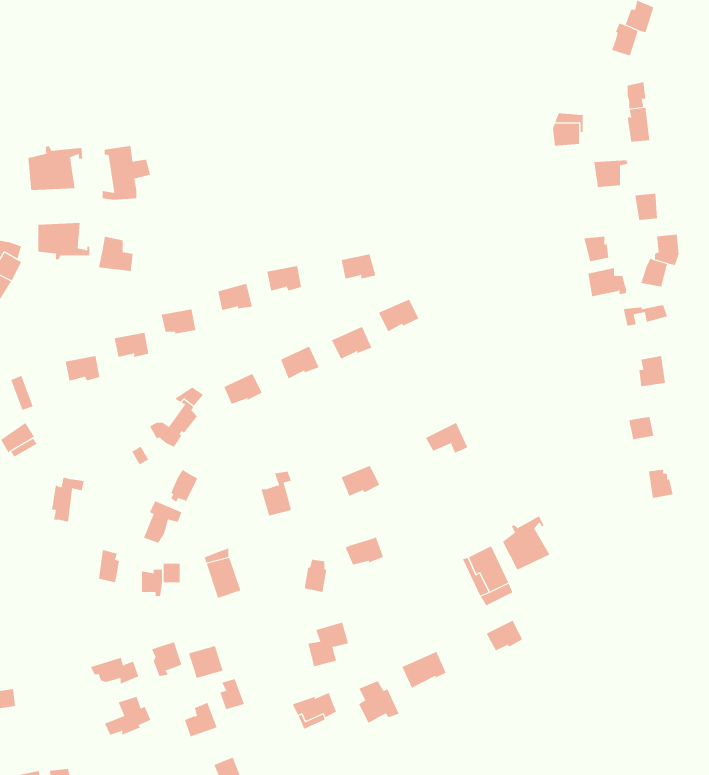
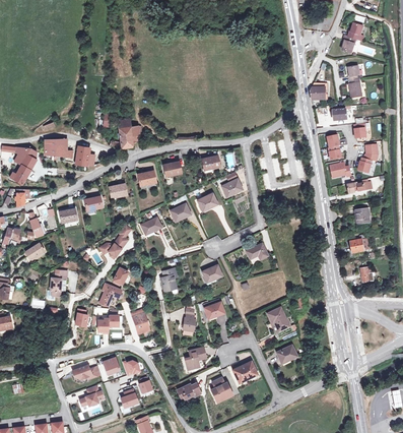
building: [102,146,151,200] -> [115,118,140,146]
building: [28,146,83,191] -> none
building: [502,515,550,570] -> none

